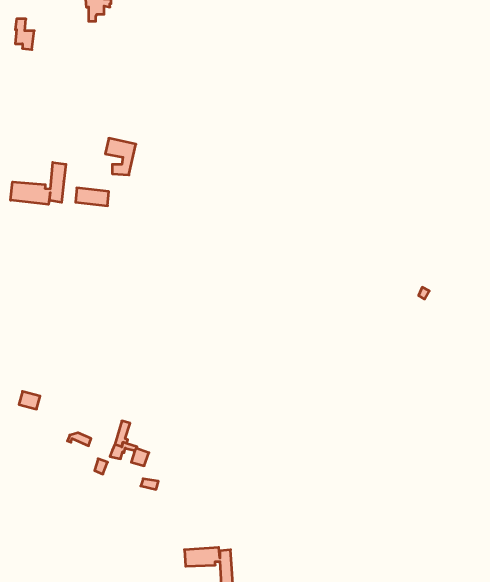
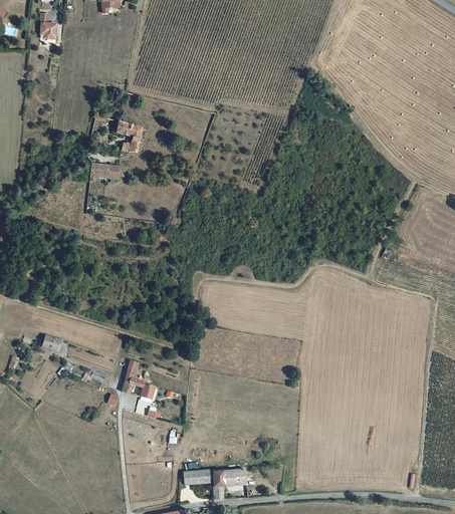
building: [11,162,66,204] -> none
building: none -> [223,469,247,486]

